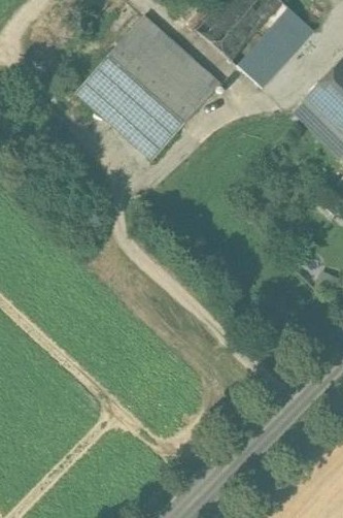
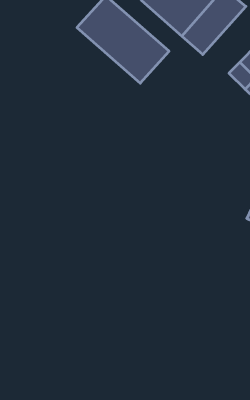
building: [76,55,185,160] -> none

